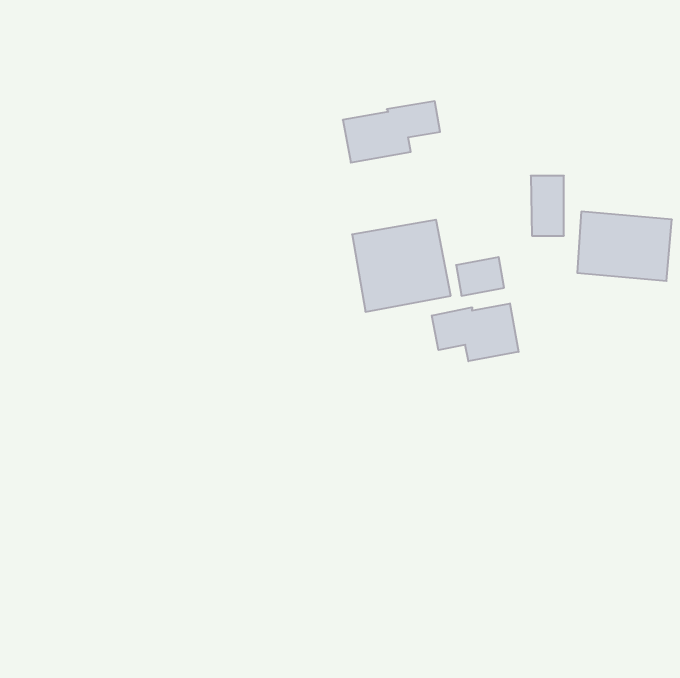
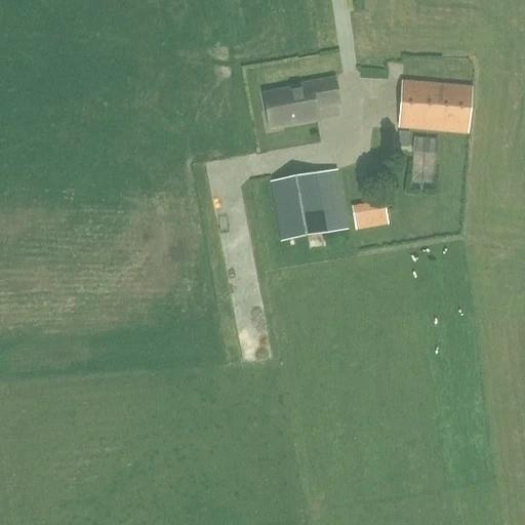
building: [577,212,672,281] -> [400,79,473,132]
building: [432,303,519,361] -> none

